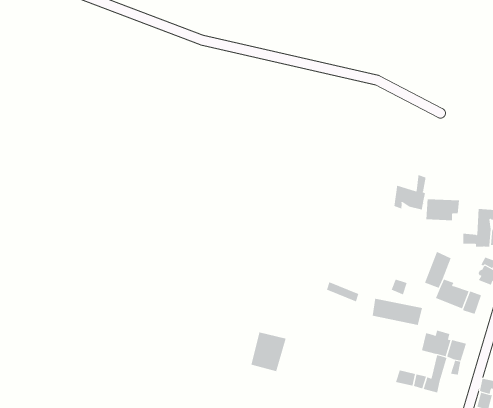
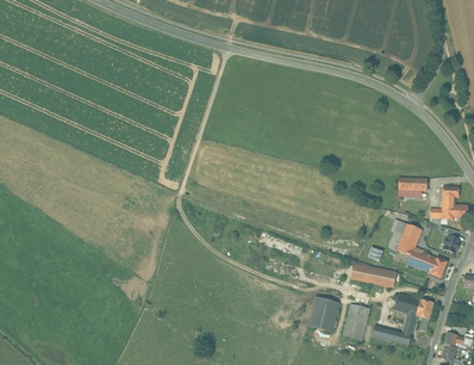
building: [394,174,426,211] -> none
building: [251,332,286,372] -> [308,297,339,332]
building: none -> [343,304,369,340]

